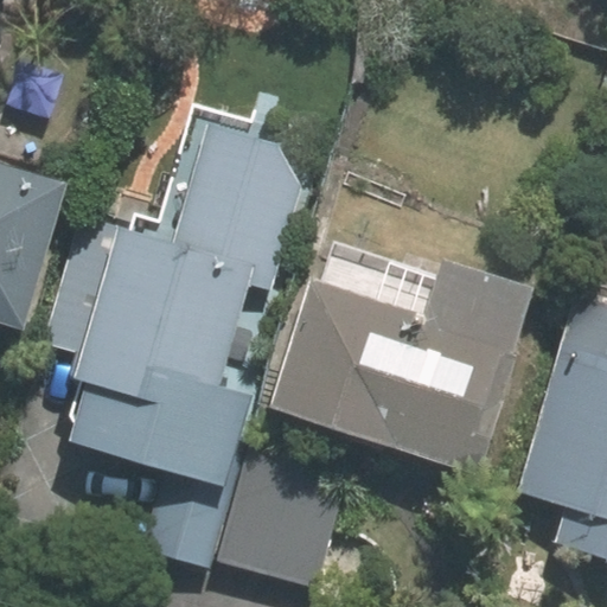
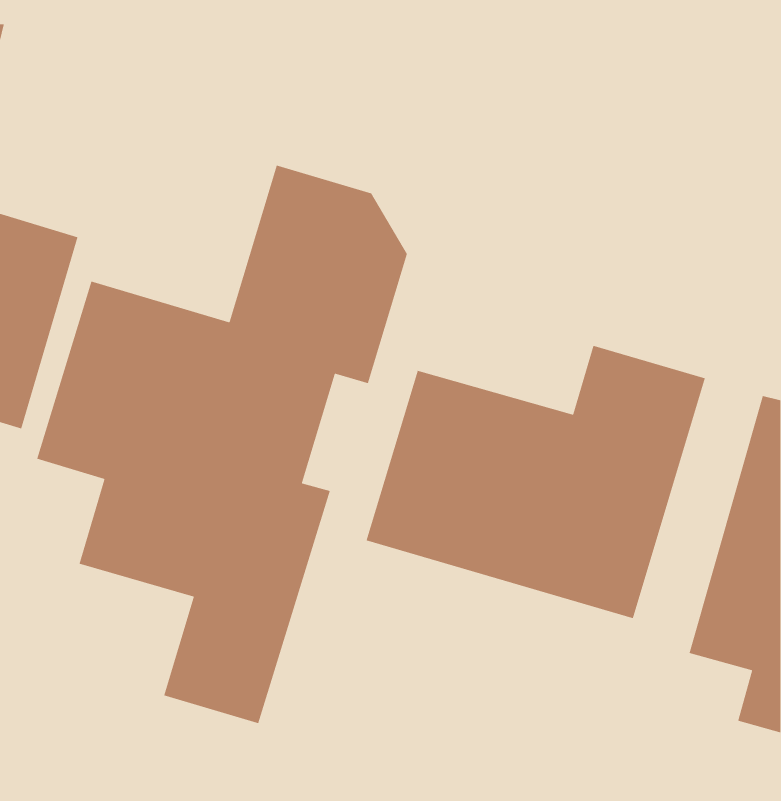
building: [216,437,349,590] -> none

